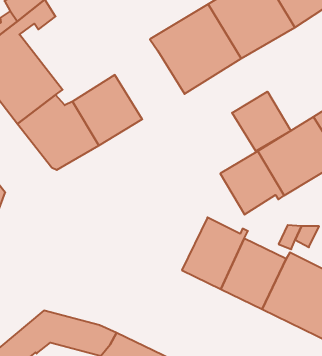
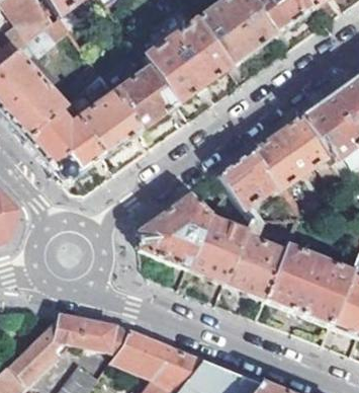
building: none -> [113,64,179,129]
building: [232,92,291,151] -> none
building: none -> [139,193,211,266]

